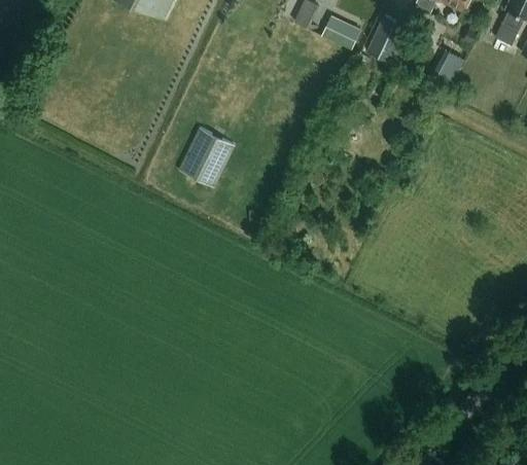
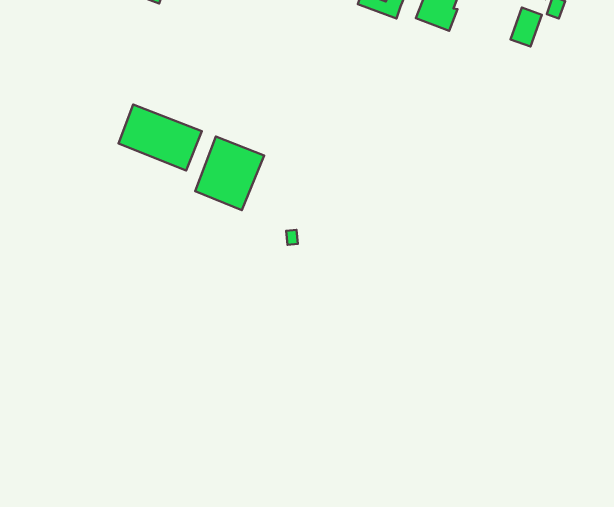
building: none -> [119,105,202,171]

